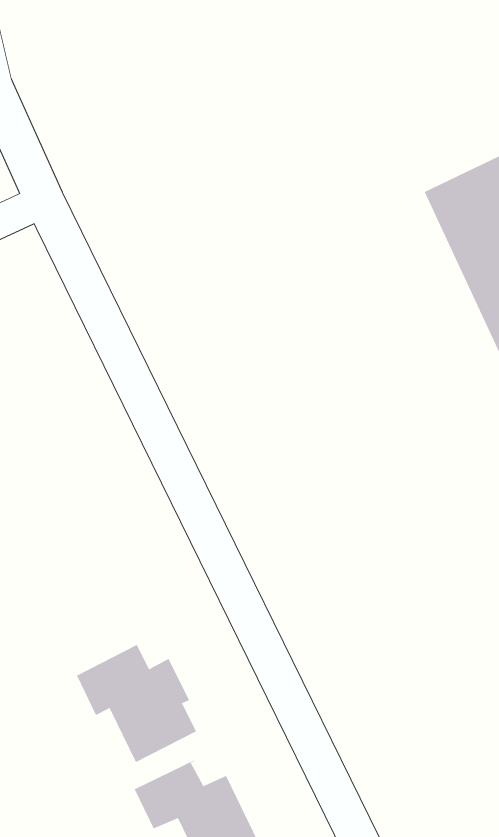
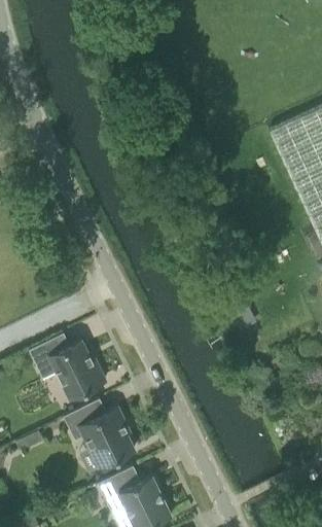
building: none -> [29,335,106,399]

